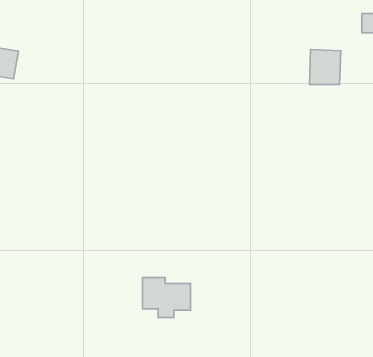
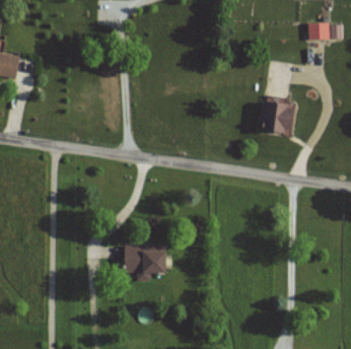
building: [309,50,341,84] -> [265,101,291,131]

